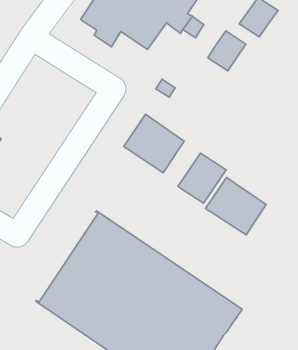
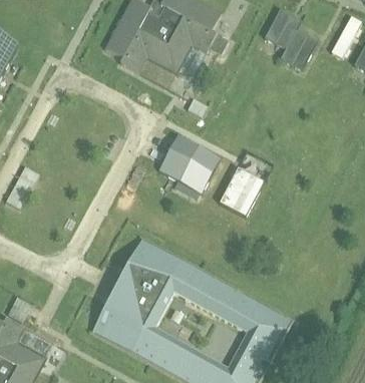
building: [208,31,246,71] -> [279,29,315,68]
building: [205,178,266,235] -> none

